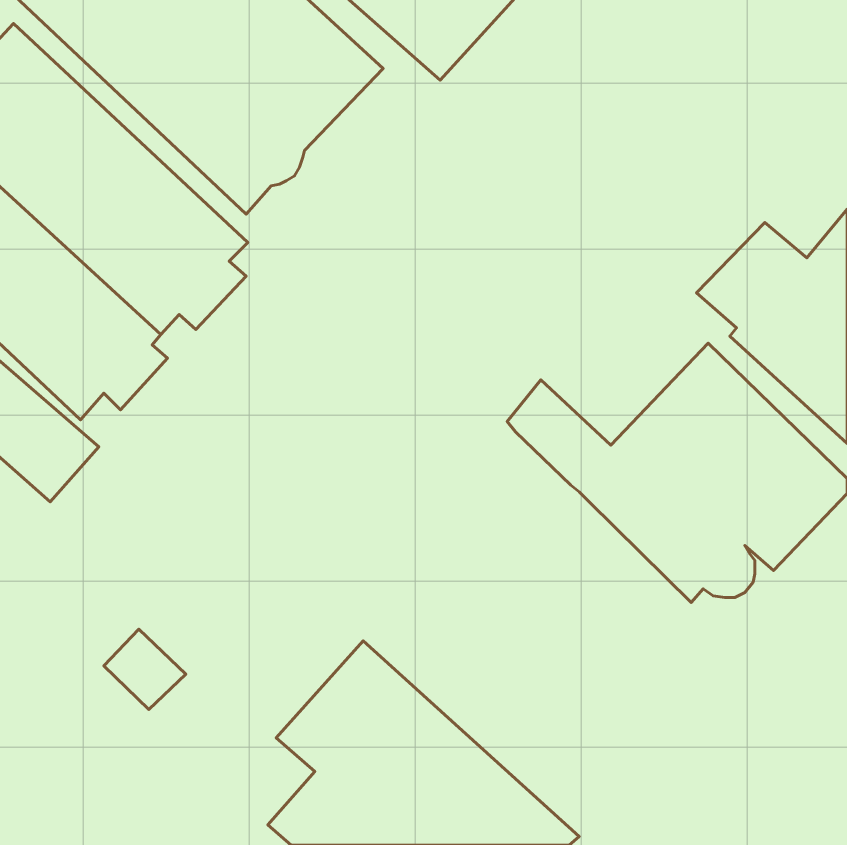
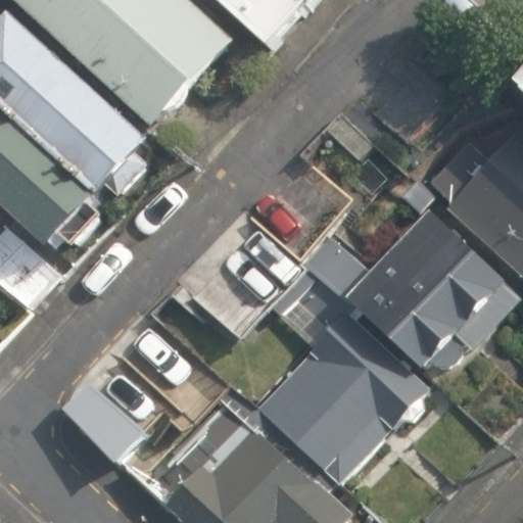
building: none -> [257,266,431,483]

